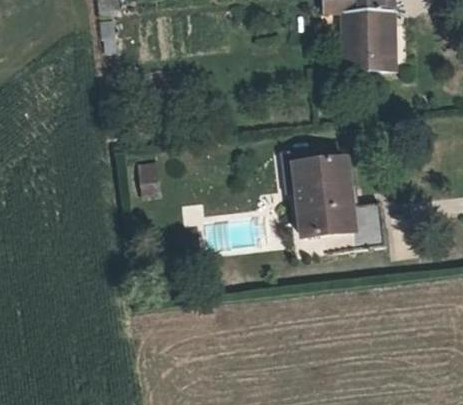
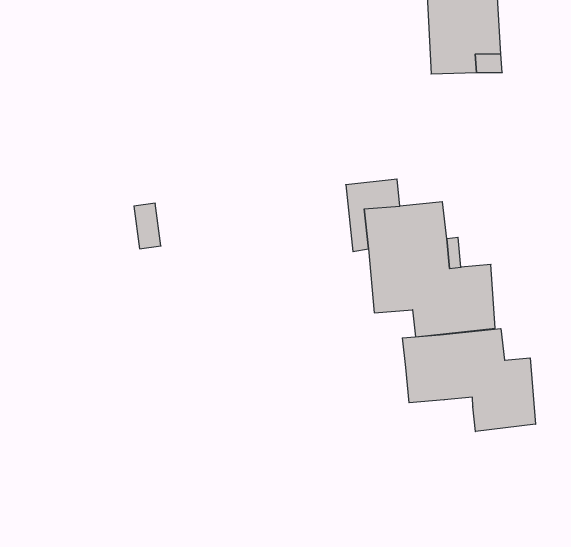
building: none -> [402,329,536,432]

